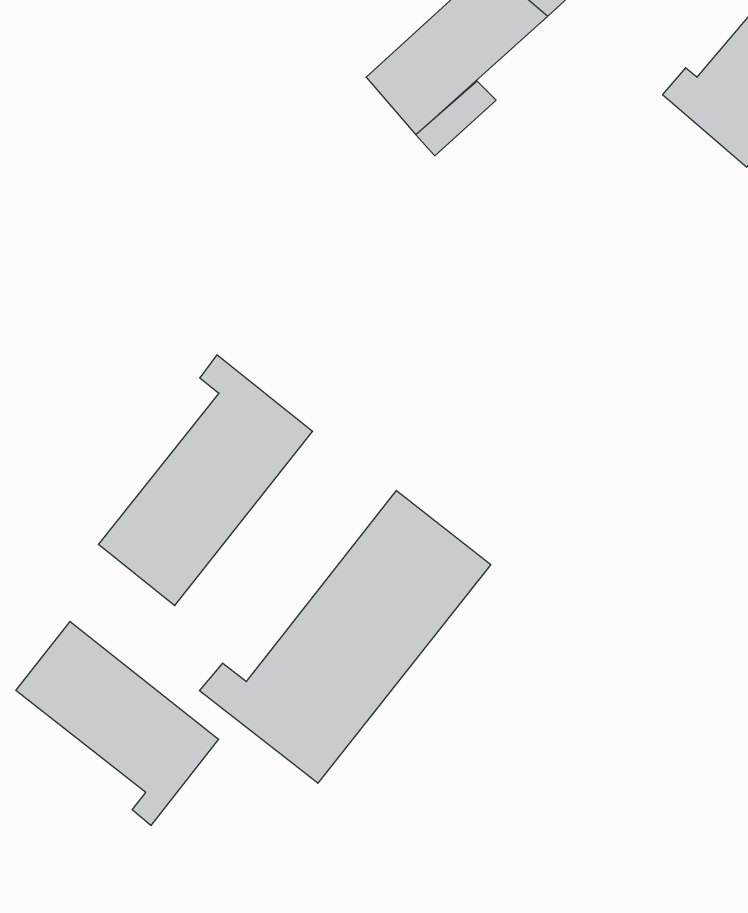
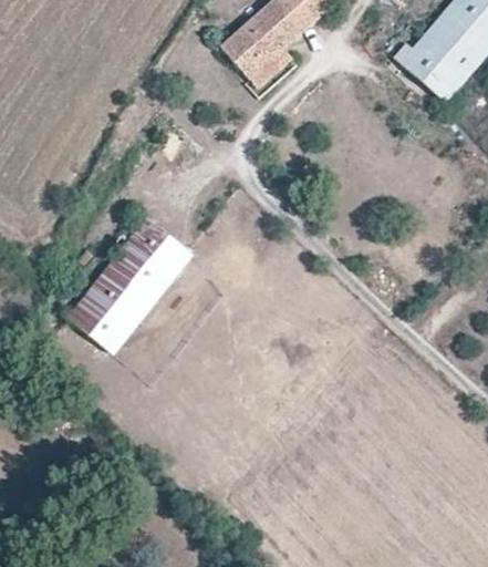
building: [200,490,491,783] -> none
building: [16,621,219,826] -> none

